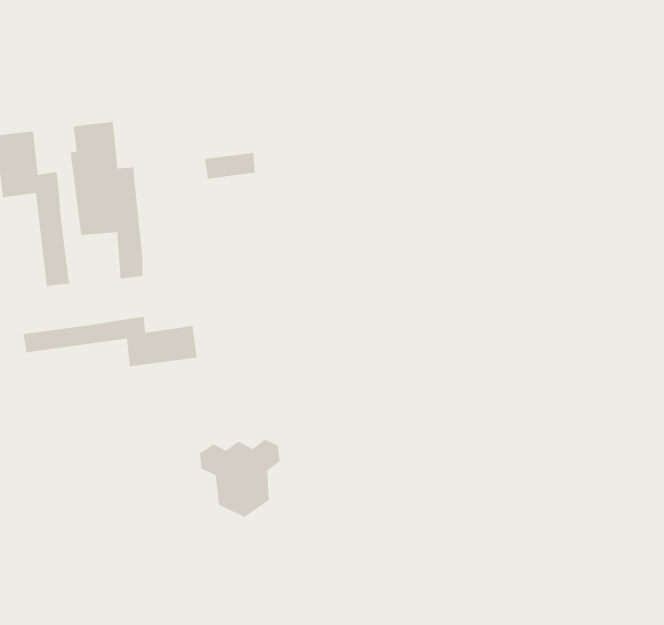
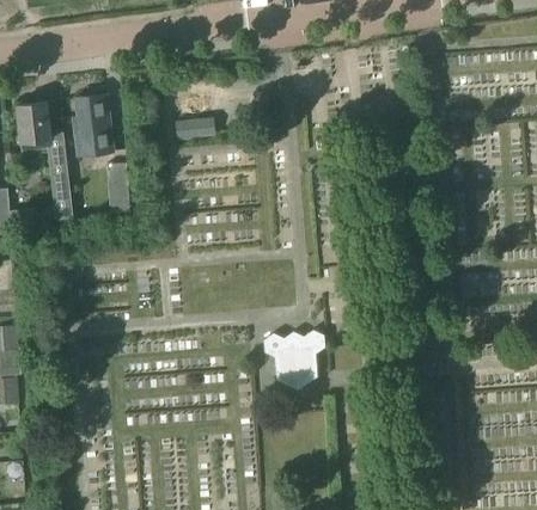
building: [23,316,197,367] -> none
building: [199,439,281,517] -> [263,330,325,389]

